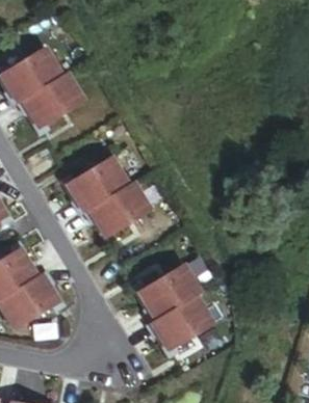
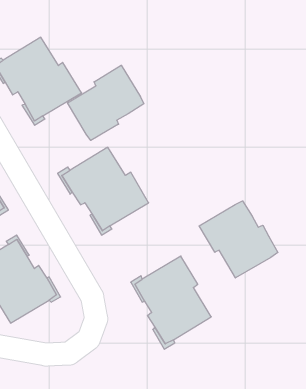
building: none -> [68,65,144,140]
building: none -> [199,201,278,278]

